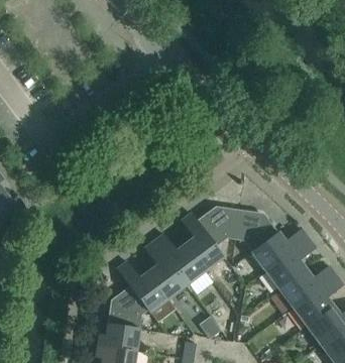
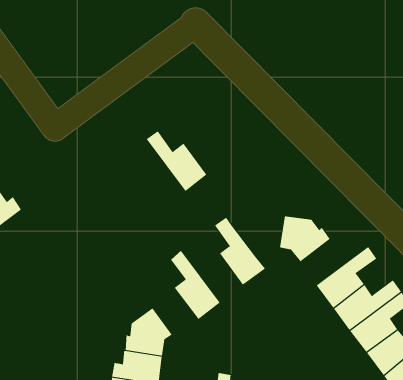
building: [197,209,239,246] -> none
building: [251,229,309,270] -> none
building: [154,234,205,284] -> [146,131,207,192]
building: [117,261,168,313] -> none

